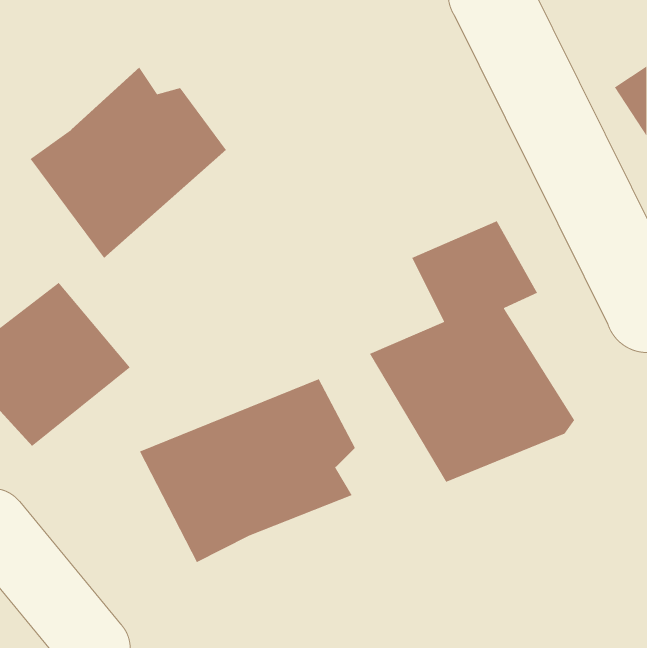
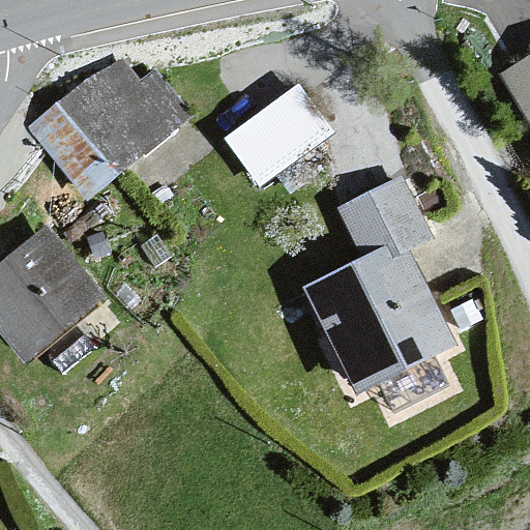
building: none -> [218,72,328,172]
building: [139,378,356,563] -> none

